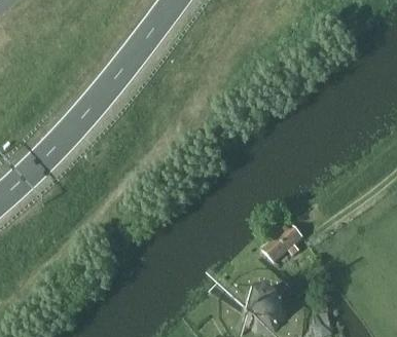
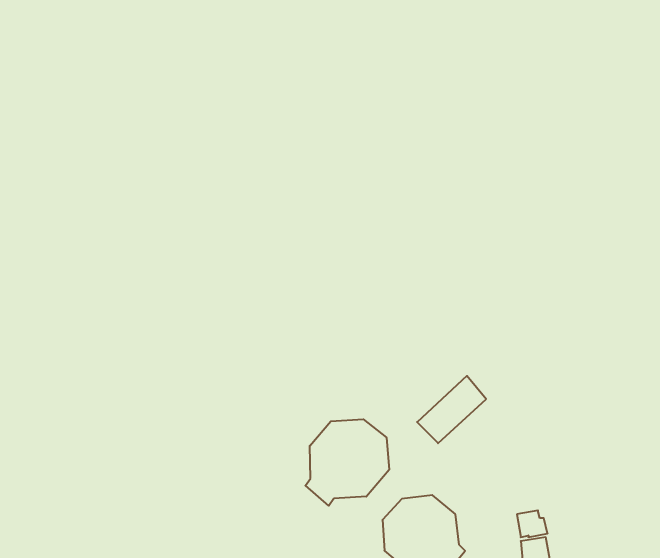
building: none -> [305,419,389,506]

